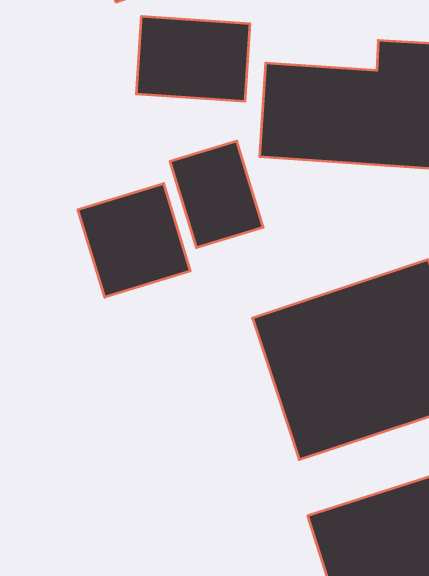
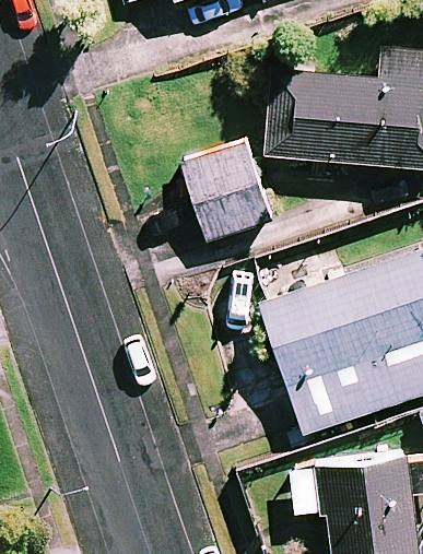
building: [136,16,250,101] -> none
building: [78,183,190,297] -> none

